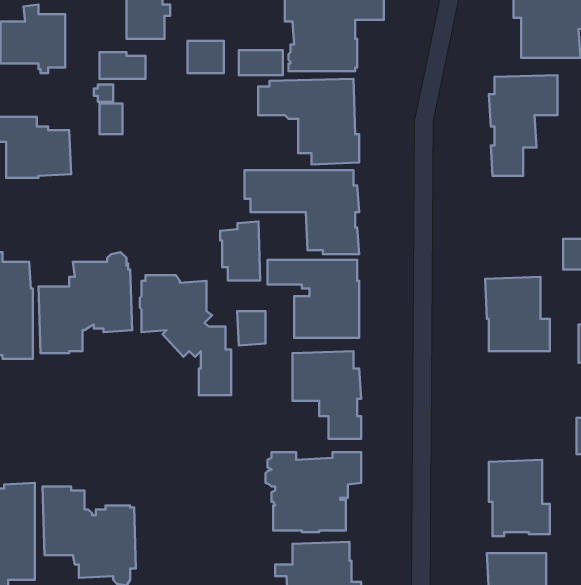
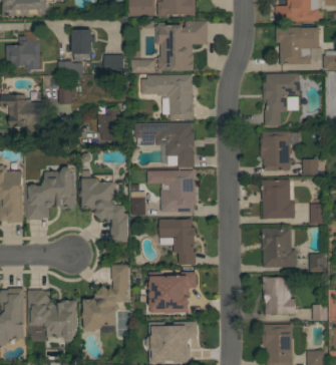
building: none -> [260,131,300,171]
building: [220,221,260,280] -> [97,109,118,140]
building: none -> [262,228,296,268]
building: none -> [81,265,129,333]

